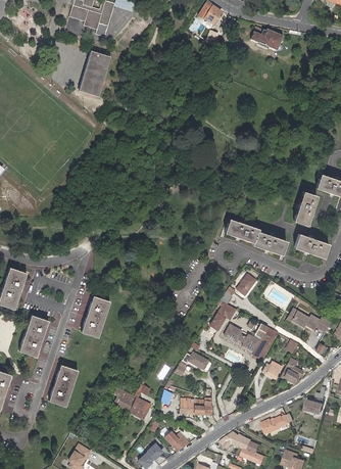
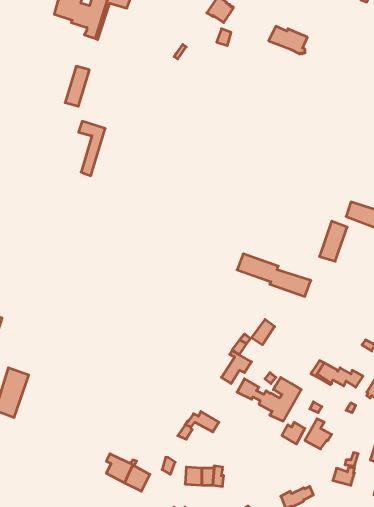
building: [88,51,110,97] -> [79,121,105,176]
building: [293,234,328,259] -> none
building: [81,295,109,337] -> none
building: [48,364,77,407] -> none

